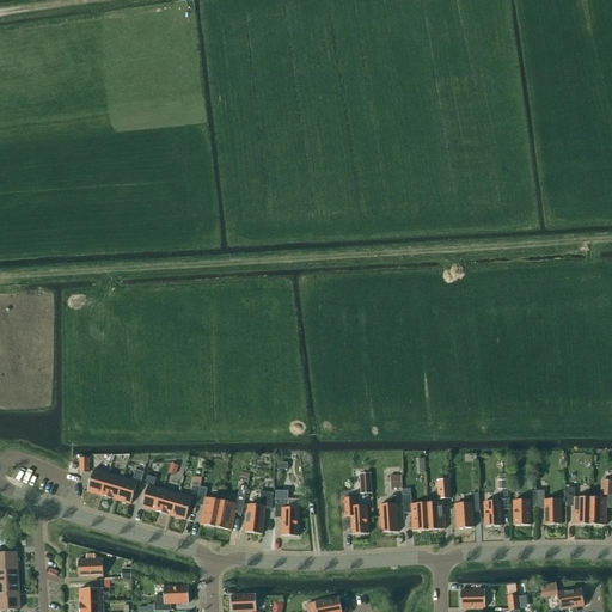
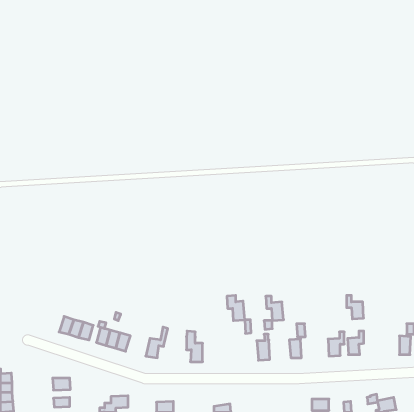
building: [196,485,221,526] -> none
building: [567,486,589,524] -> none
building: [537,489,562,524] -> [347,295,364,319]
building: [245,490,274,533] -> none
building: [455,491,479,527] -> none
building: [403,494,429,530] -> [266,296,284,321]
building: [343,496,369,533] -> [227,295,245,321]

